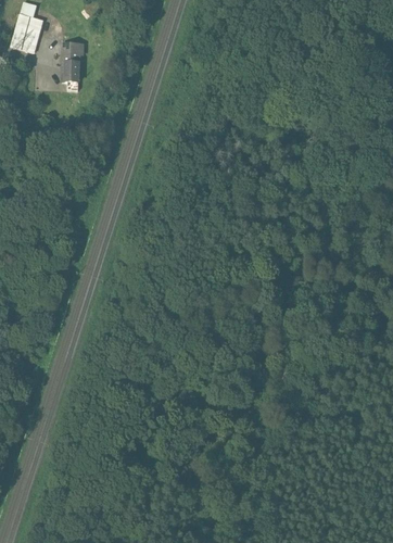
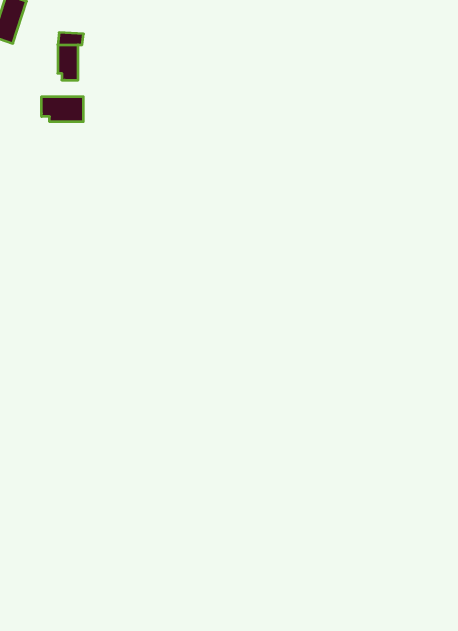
building: none -> [42,97,83,122]

